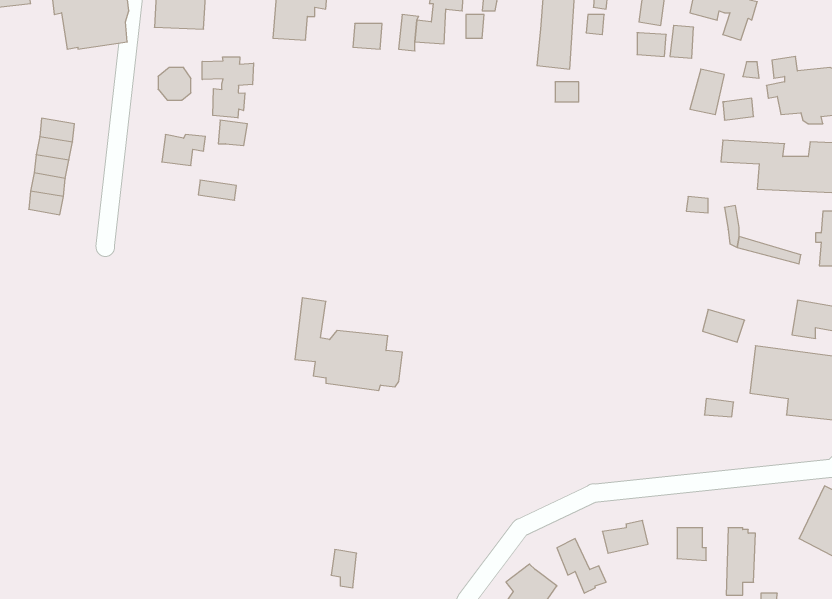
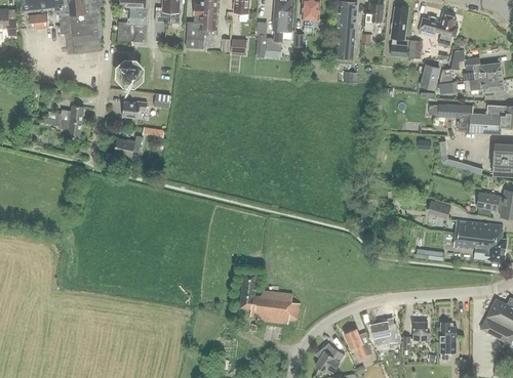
building: [202,57,254,118] -> none
building: none -> [114,134,142,158]
building: [295,298,402,391] -> [240,271,301,324]

